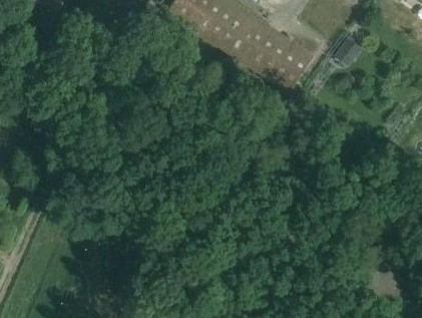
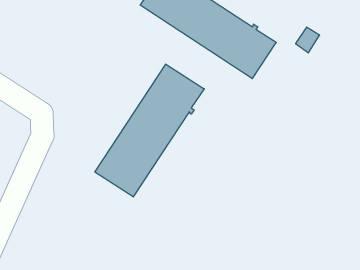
building: none -> [95,64,204,197]

